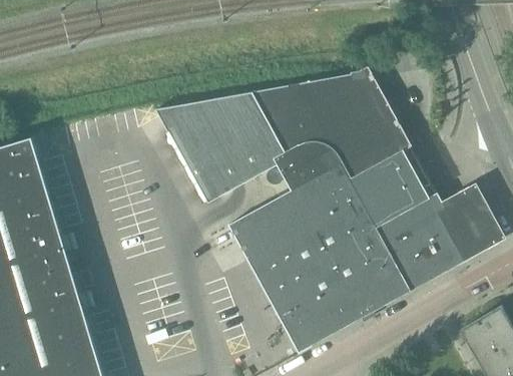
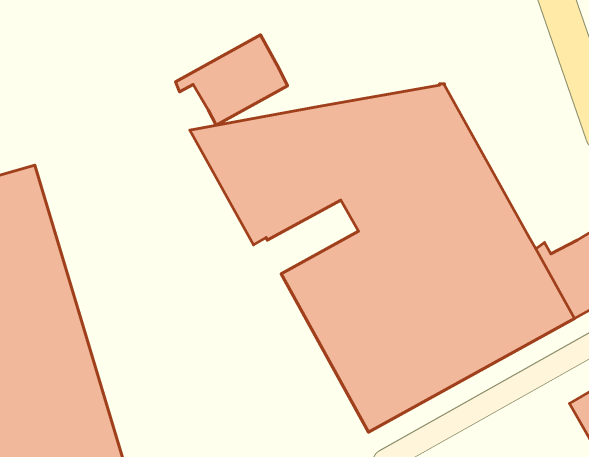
building: none -> [176,35,288,125]

